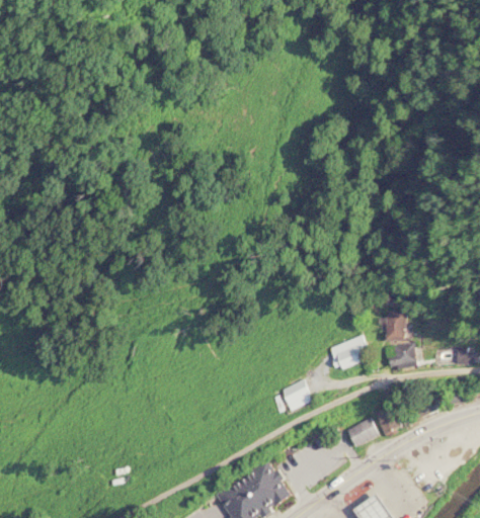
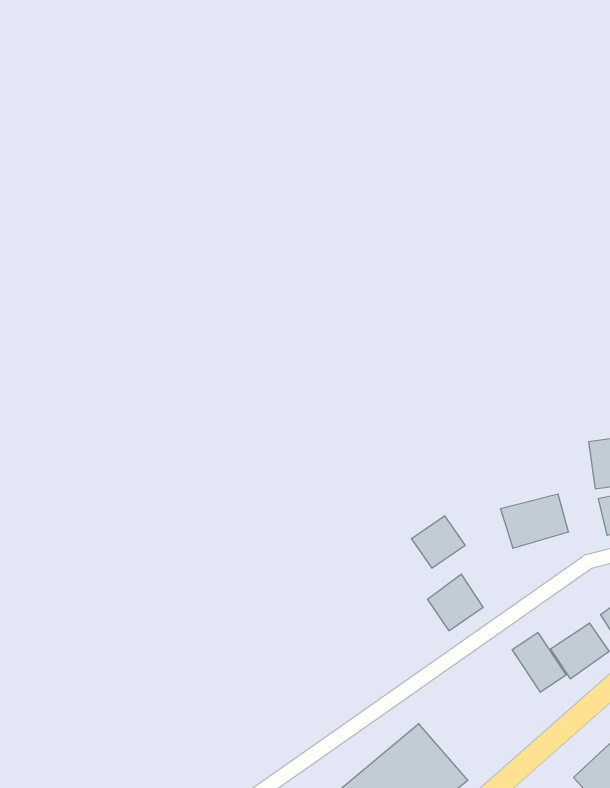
building: none -> [412,516,465,568]
building: none -> [512,633,566,692]

